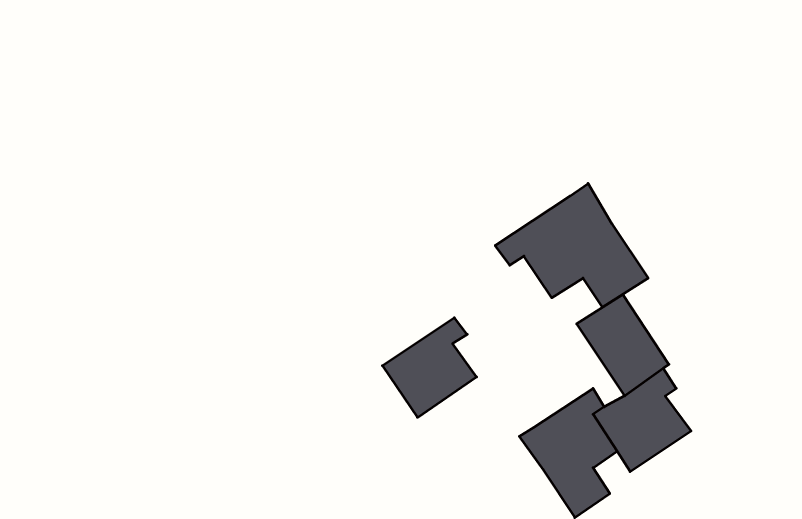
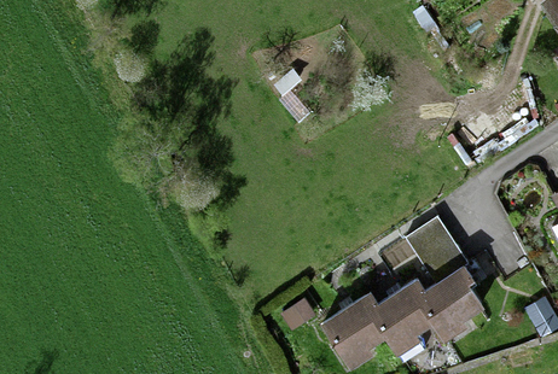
building: [495,183,648,307] -> none
building: [382,318,477,417] -> [321,294,383,360]

